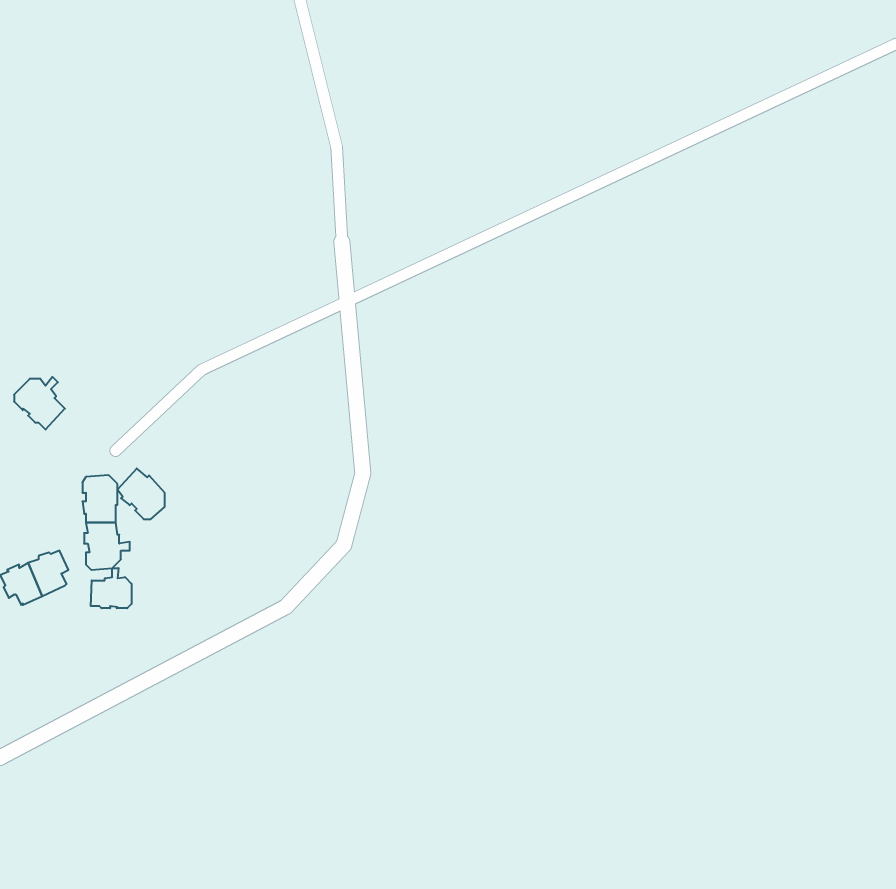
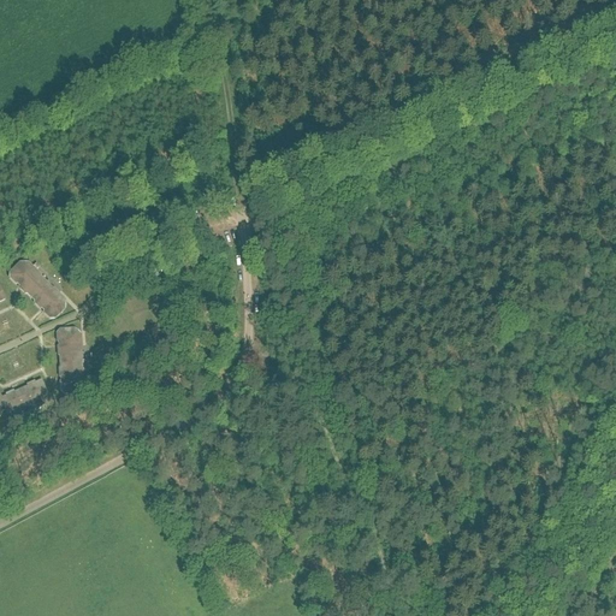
building: [117,468,165,519] -> [31,280,64,315]
building: [91,568,132,608] -> none

